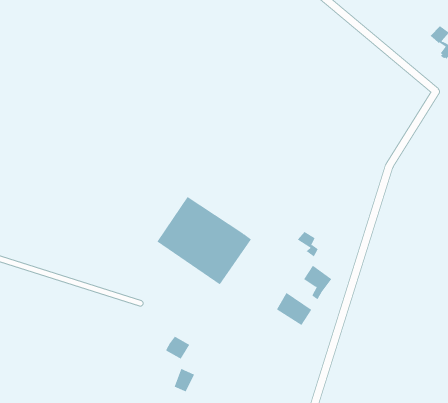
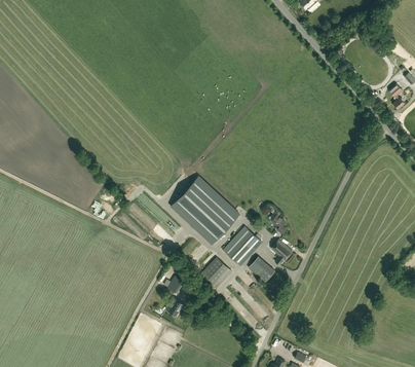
building: none -> [223,226,262,266]
building: none -> [199,257,232,290]

